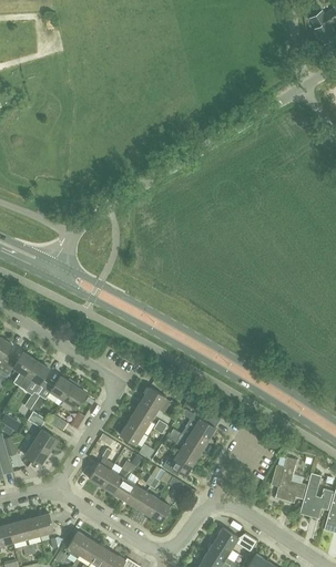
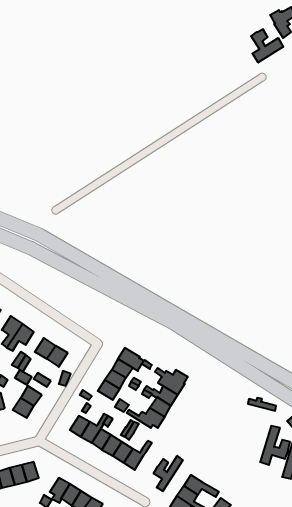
building: none -> [251,29,283,63]
building: [269,456,305,499] -> none
building: none -> [154,456,183,491]

